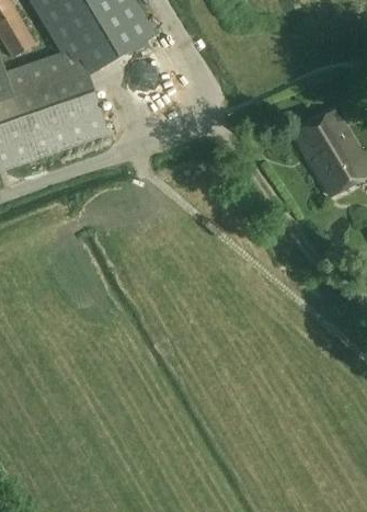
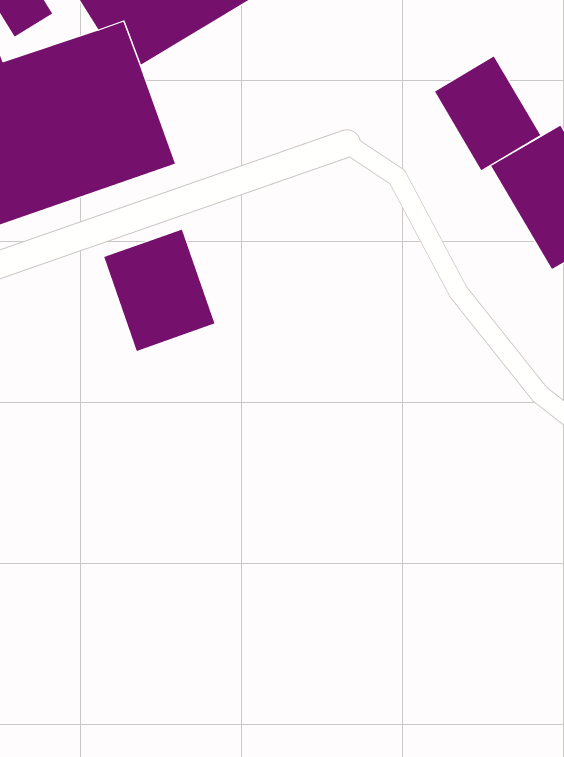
building: none -> [434,55,541,171]
building: none -> [104,229,215,352]

